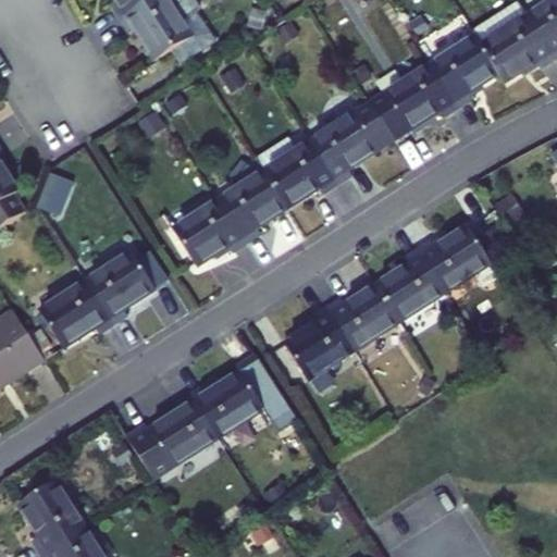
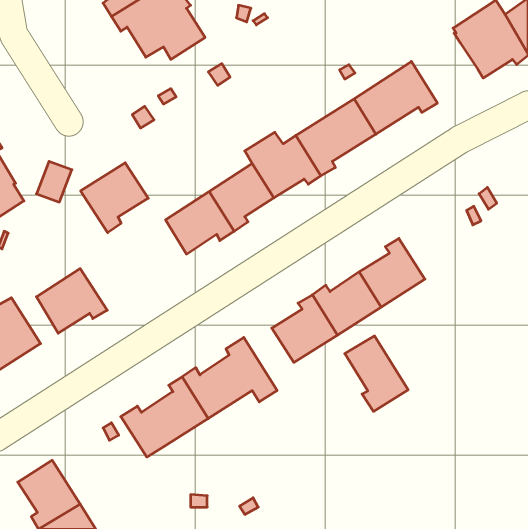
building: [430,35,499,108] -> none
building: [417,226,490,292] -> none
building: [84,251,154,324] -> [81,163,148,233]
building: none -> [345,336,408,411]

